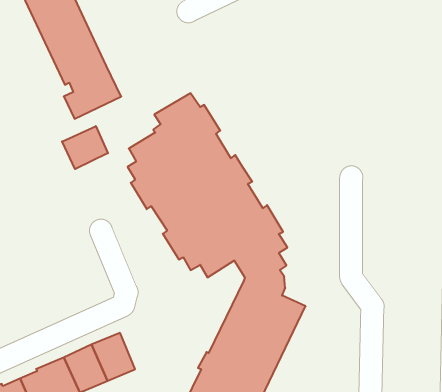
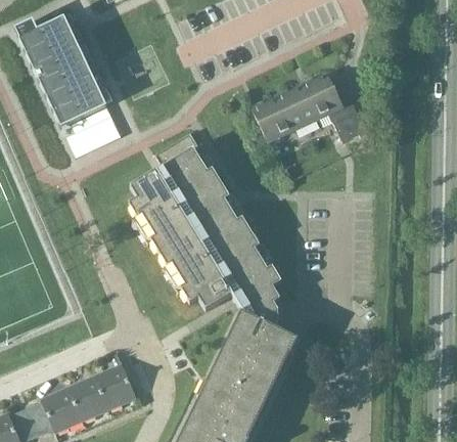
building: none -> [250,74,365,142]
building: [62,126,108,169] -> none

